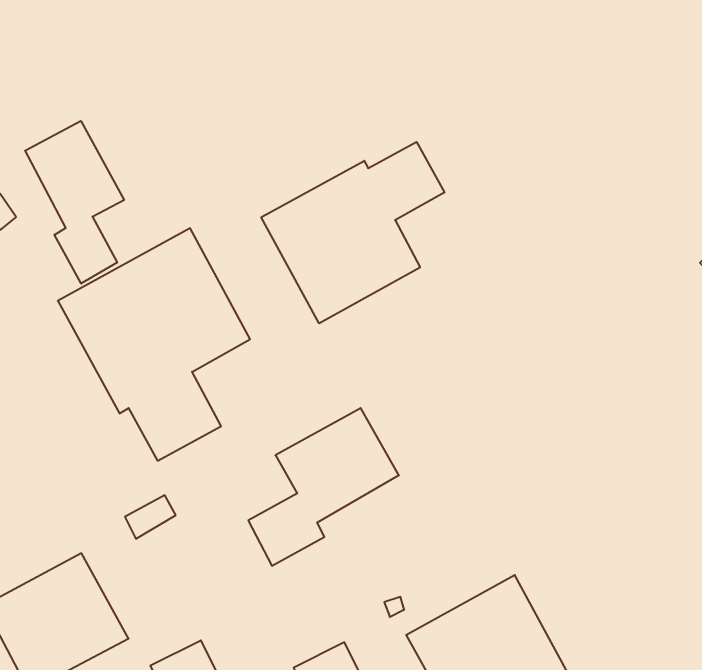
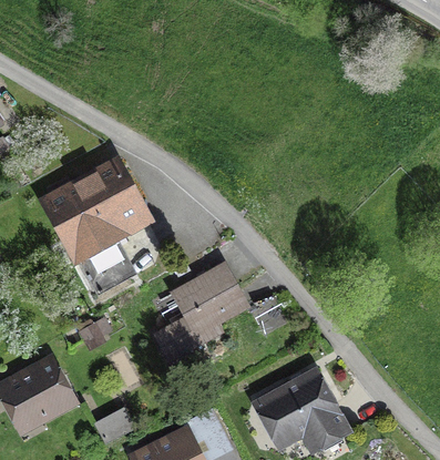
building: [25,121,124,284] -> none
building: [261,142,444,323] -> none

